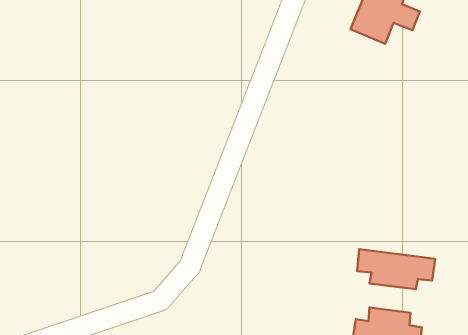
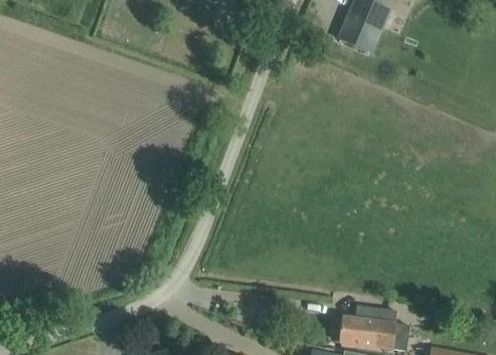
building: [357,249,435,289] -> none

